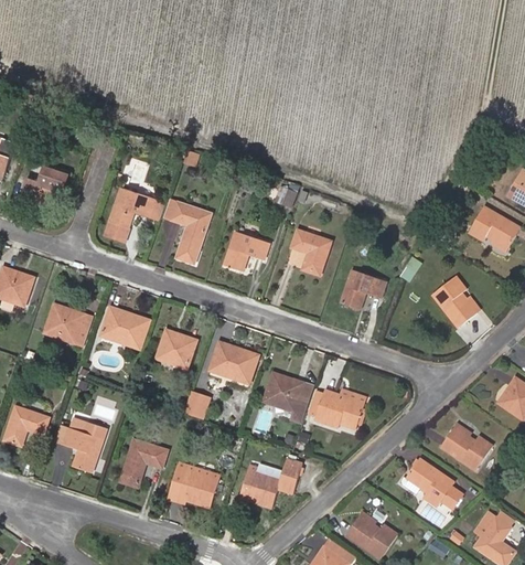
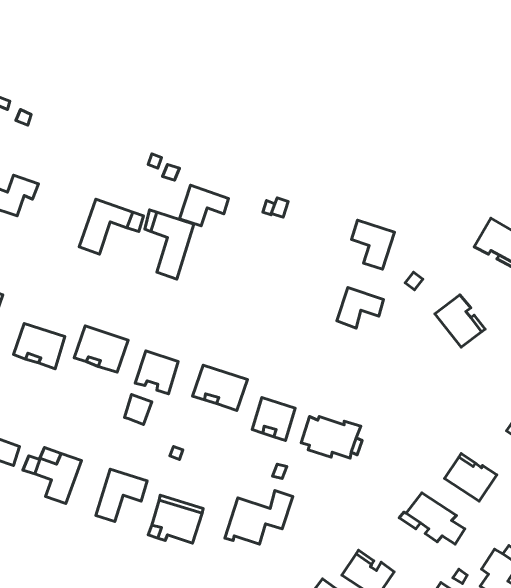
building: [291,230,331,275] -> [351,220,394,269]
building: [223,232,268,269] -> [180,185,229,226]
building: [186,392,212,419] -> [124,395,152,425]

